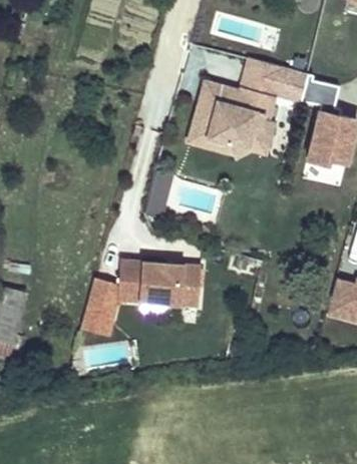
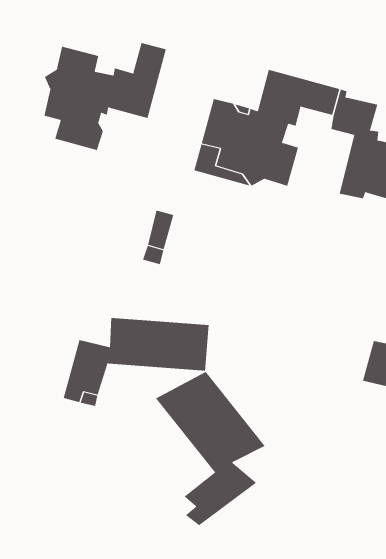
building: none -> [44,42,167,151]
building: none -> [155,371,266,526]

